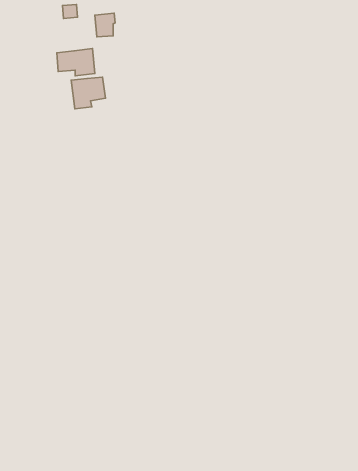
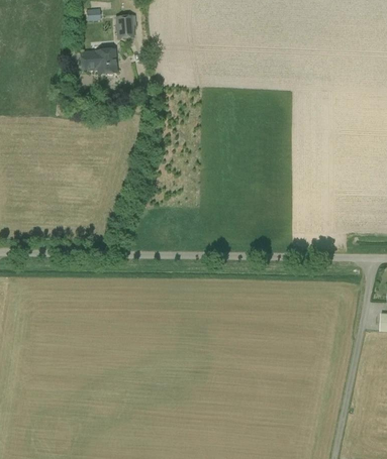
building: [71,77,106,109] -> none

